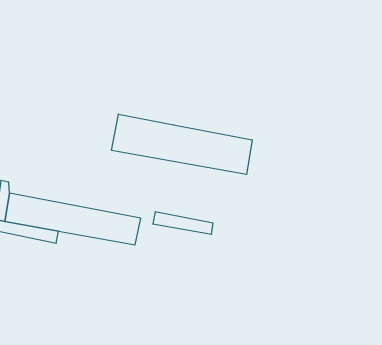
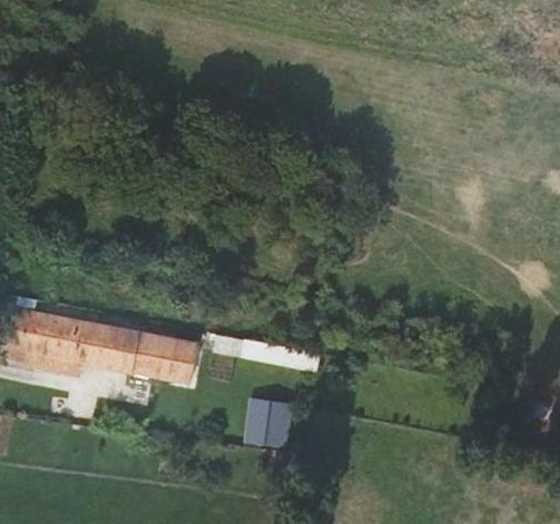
building: [111,114,252,174] -> none
building: none -> [248,397,295,444]

